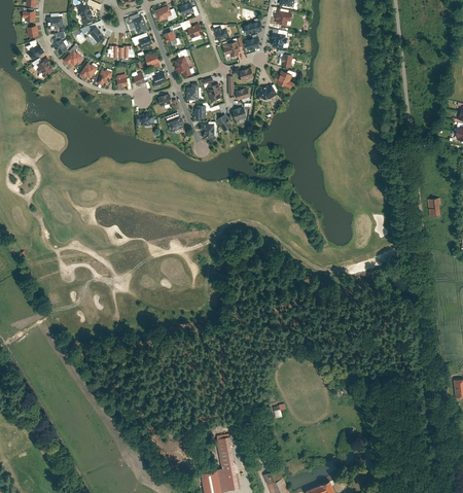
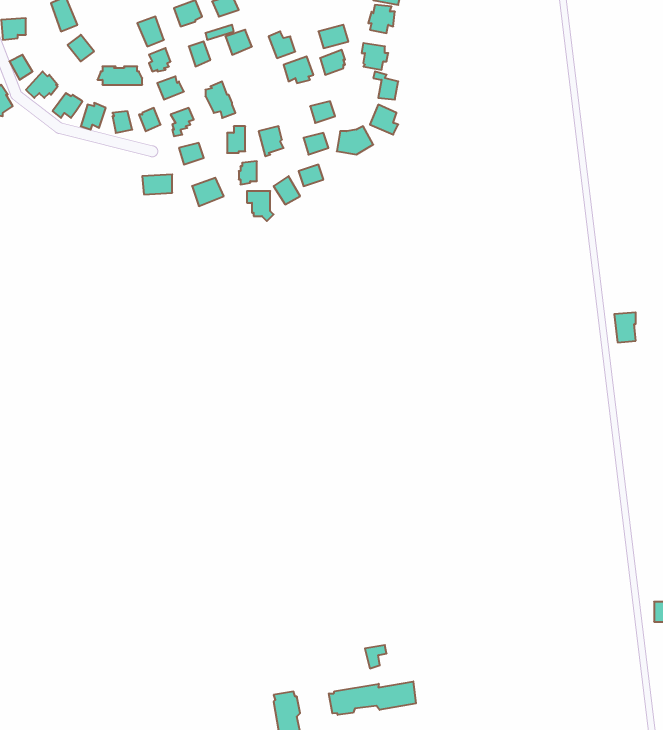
building: none -> [329,681,416,715]

